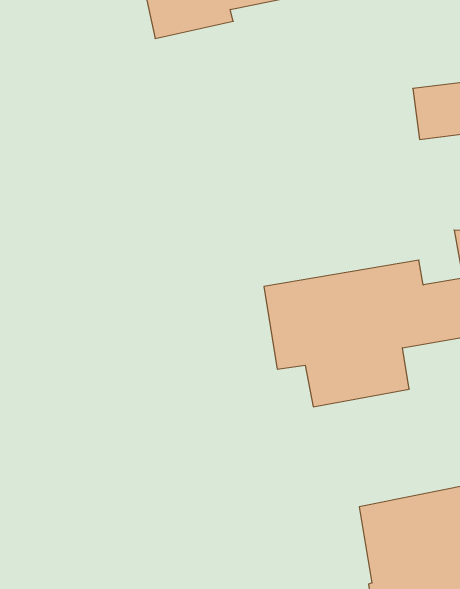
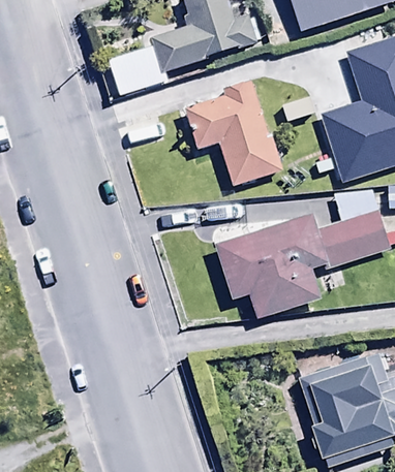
building: none -> [186,84,282,187]

